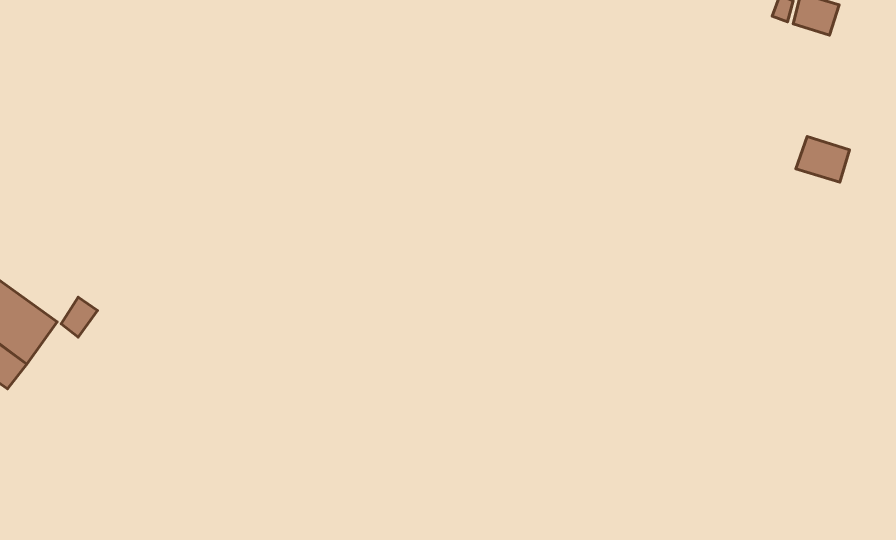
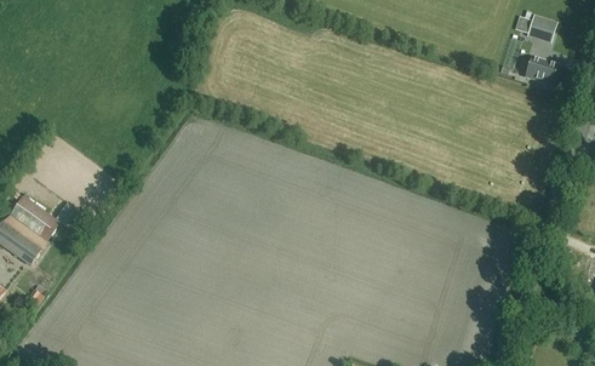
building: [796,136,849,182] -> [525,57,559,86]

